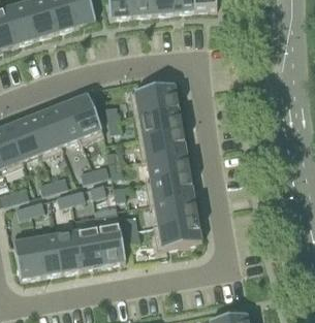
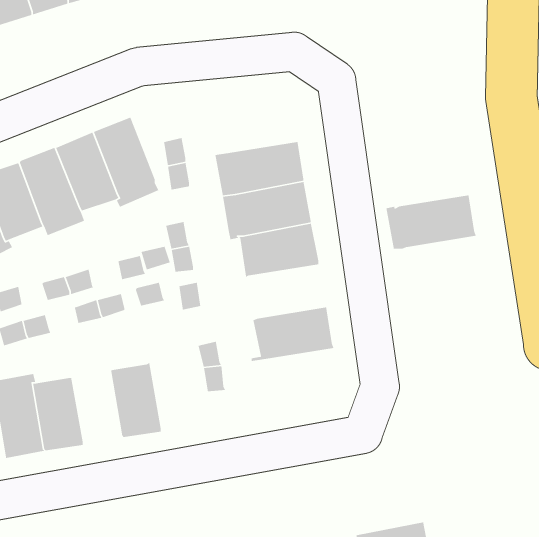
building: [129,85,179,115] -> none
building: [145,174,194,204] -> [386,194,477,250]
building: [95,215,125,265] -> none
building: [153,220,201,250] -> none
building: [54,226,84,272] -> none

